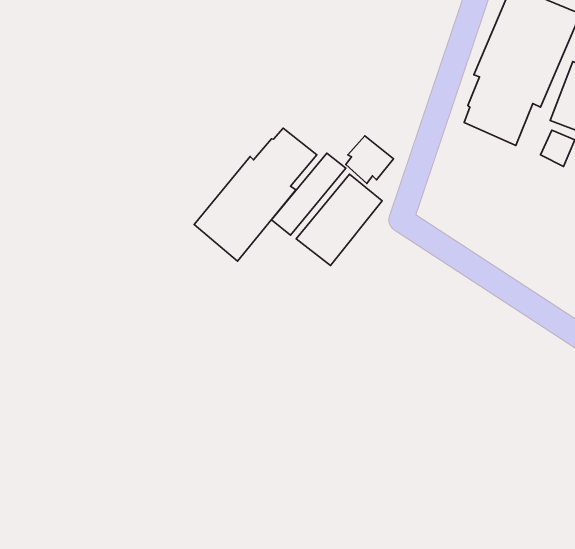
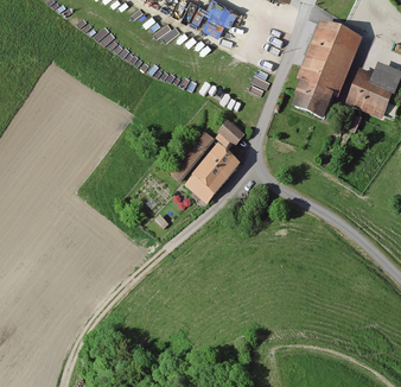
building: [194,128,317,261] -> none

